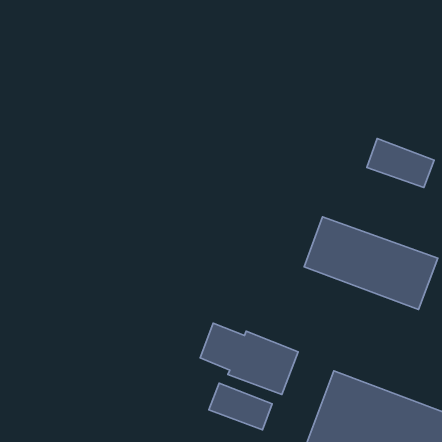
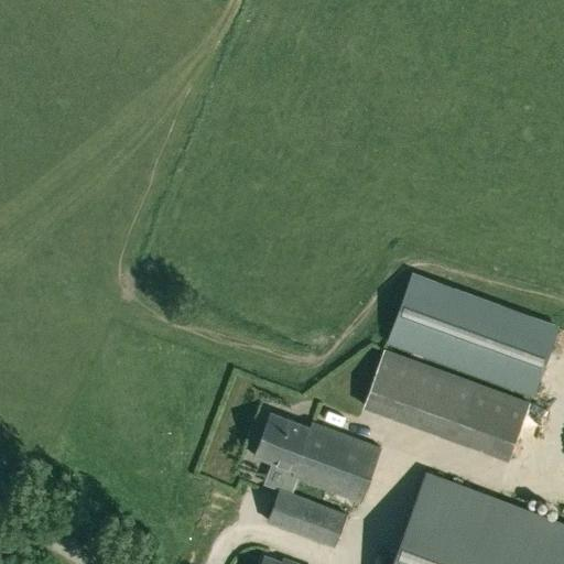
building: [367,139,434,188] -> none
building: none -> [364,349,531,462]

